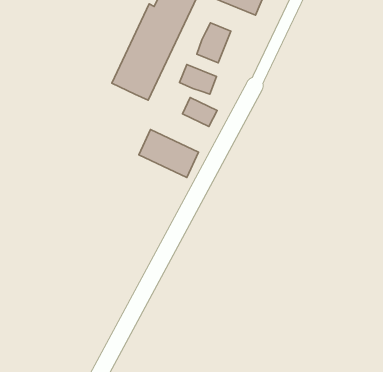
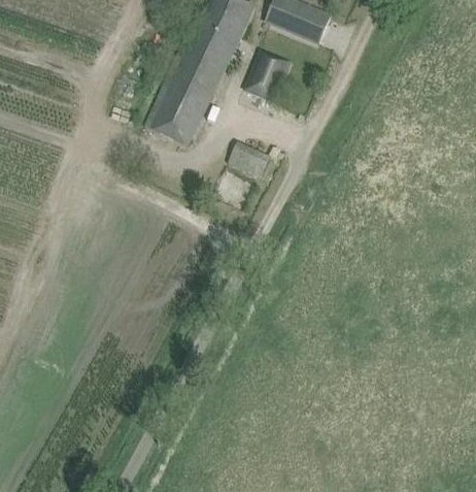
building: [180,65,217,94] -> none
building: [139,129,199,177] -> none

